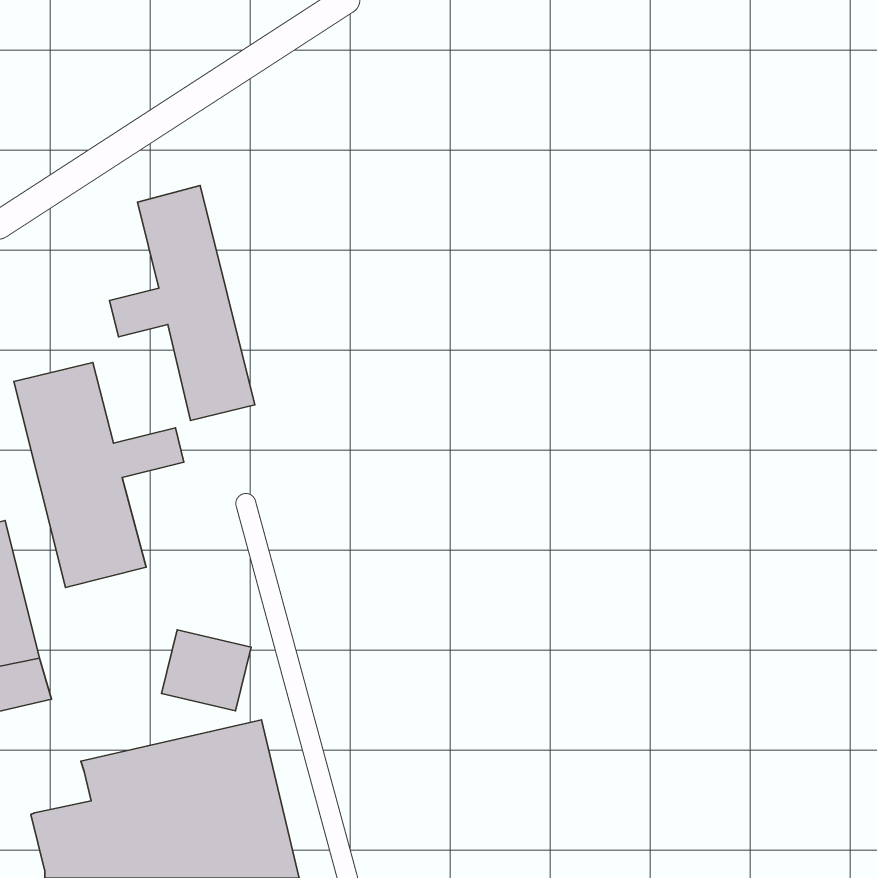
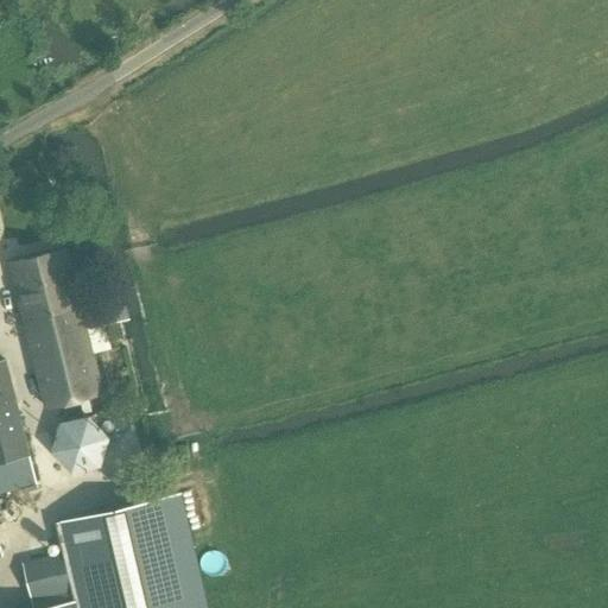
building: [109,186,255,420] -> none
building: [162,630,251,711] -> [46,414,108,470]

